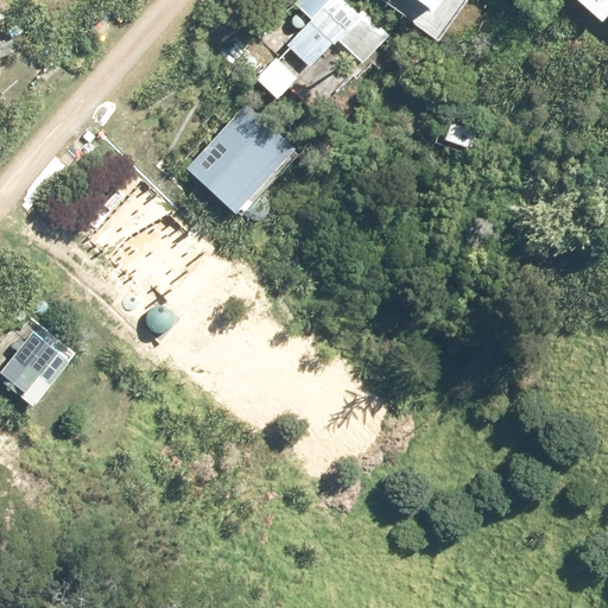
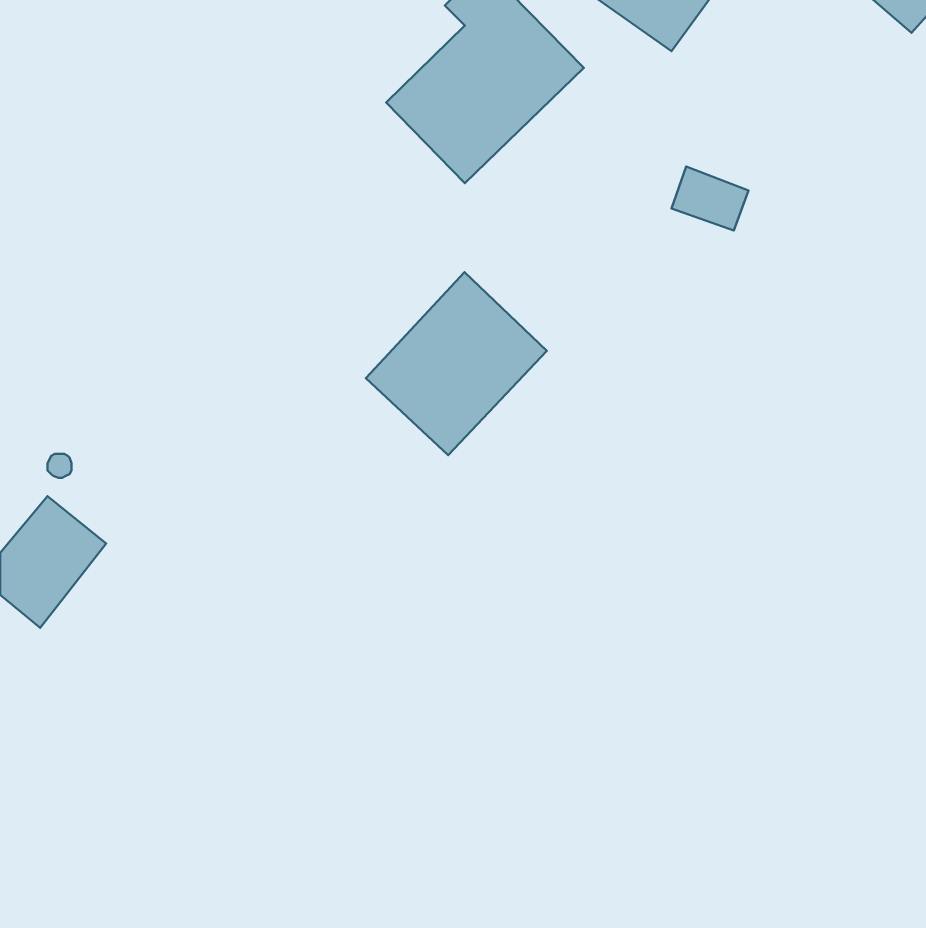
building: [182,96,299,215] -> [366,272,547,455]

